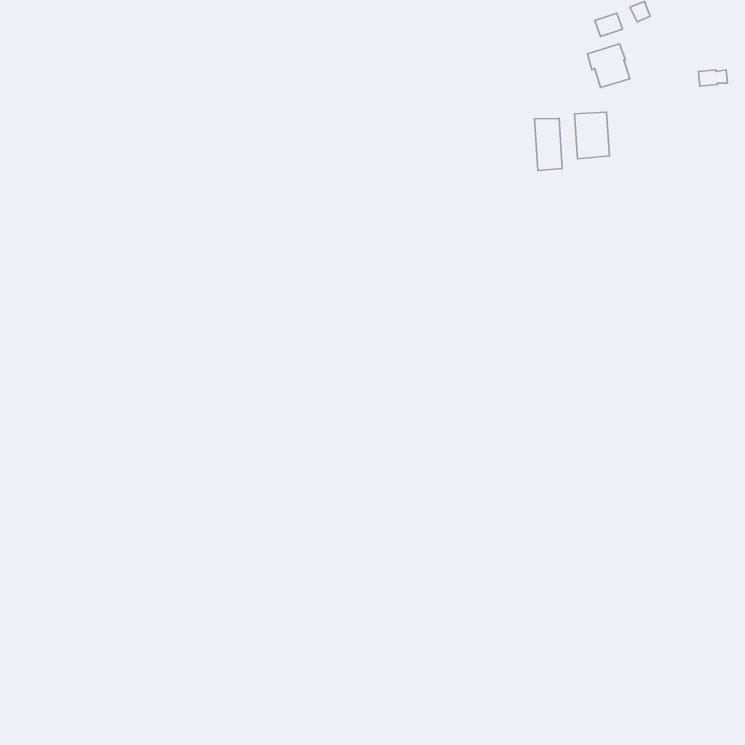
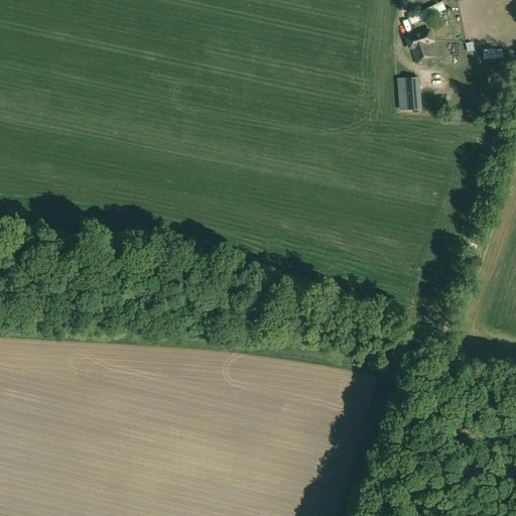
building: [534,118,562,171] -> none

